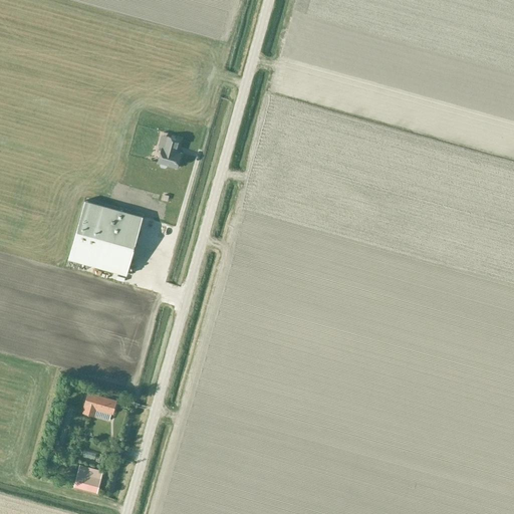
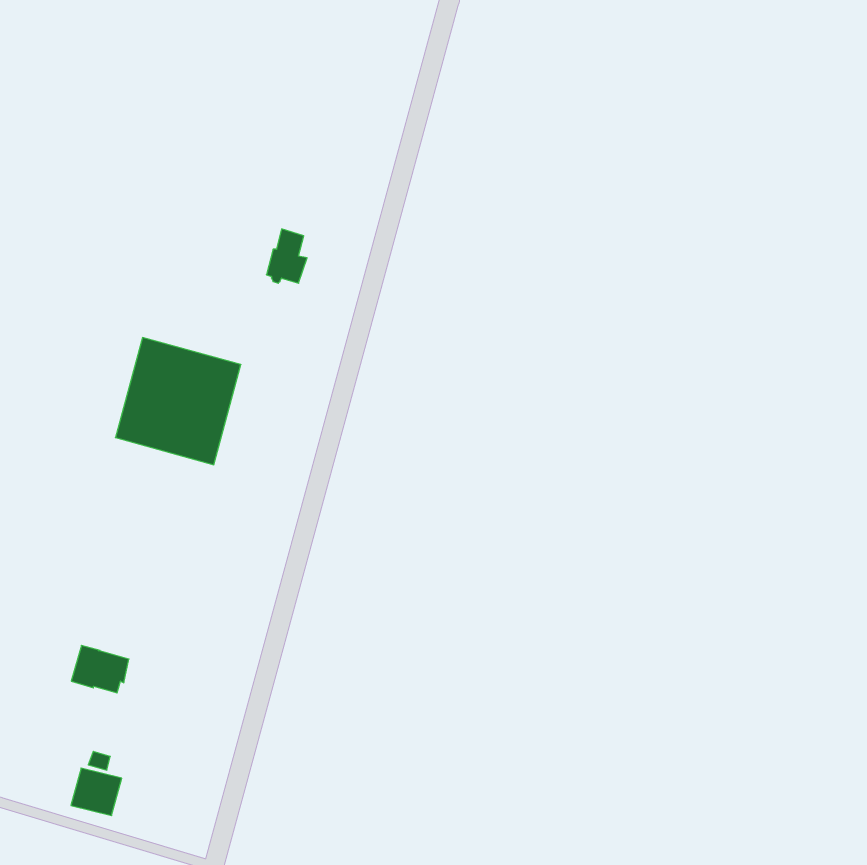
building: [82,393,116,421] -> [71,645,129,693]
building: [73,466,103,494] -> [71,768,122,816]

